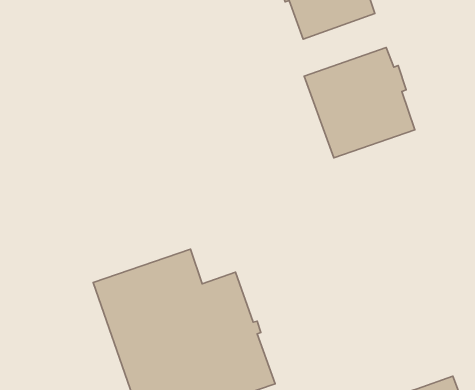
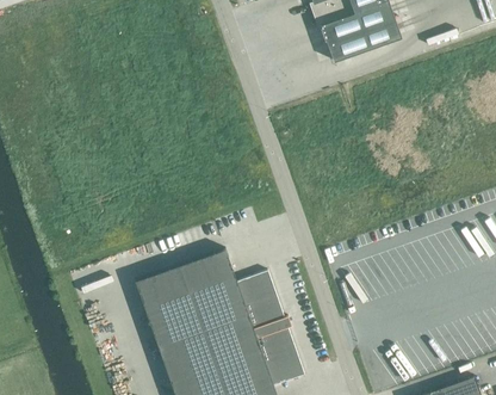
building: [304,47,415,158] -> none

